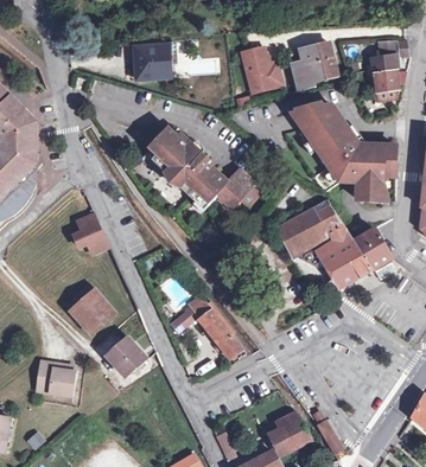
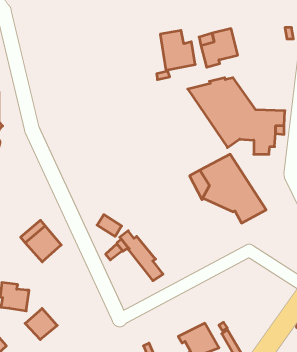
building: [368,39,399,100] -> none
building: [134,45,171,78] -> none
building: [132,127,255,209] -> none
building: [74,213,109,254] -> none
building: [354,228,392,269] -> none
building: [107,337,147,376] -> [25,308,57,340]

